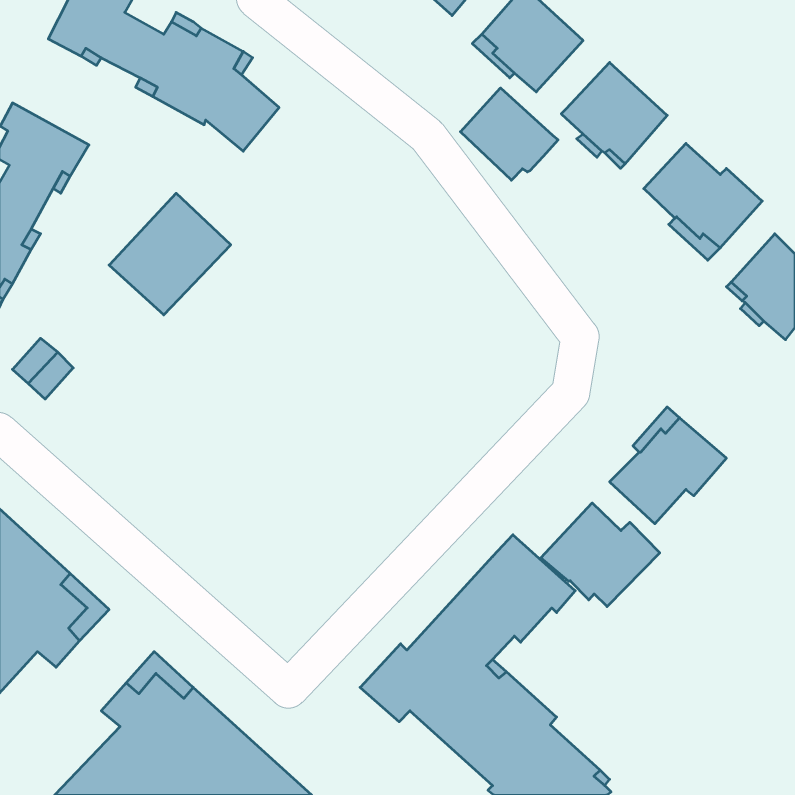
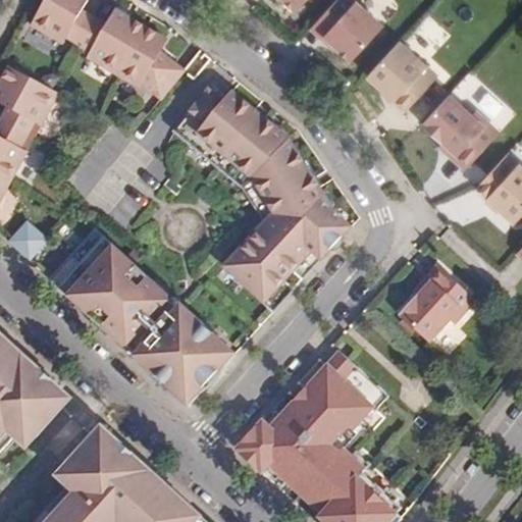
building: [460,88,558,180] -> none
building: none -> [172,89,350,311]
building: none -> [50,230,233,405]
building: [541,503,660,607] -> none

